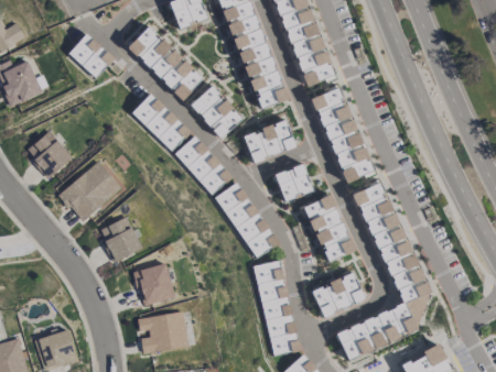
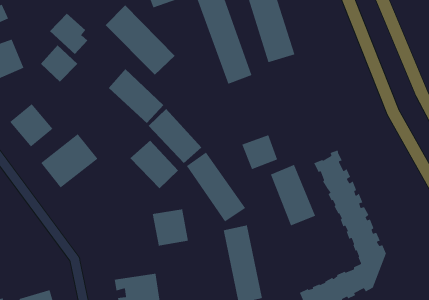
building: none -> [40,45,78,83]
building: [190,85,242,138] -> [130,140,179,189]
building: [312,87,375,184] -> none
building: [244,120,295,162] -> none
building: [99,217,142,262] -> none
building: [134,264,174,305] -> [152,208,189,246]
building: [312,273,365,317] -> none

